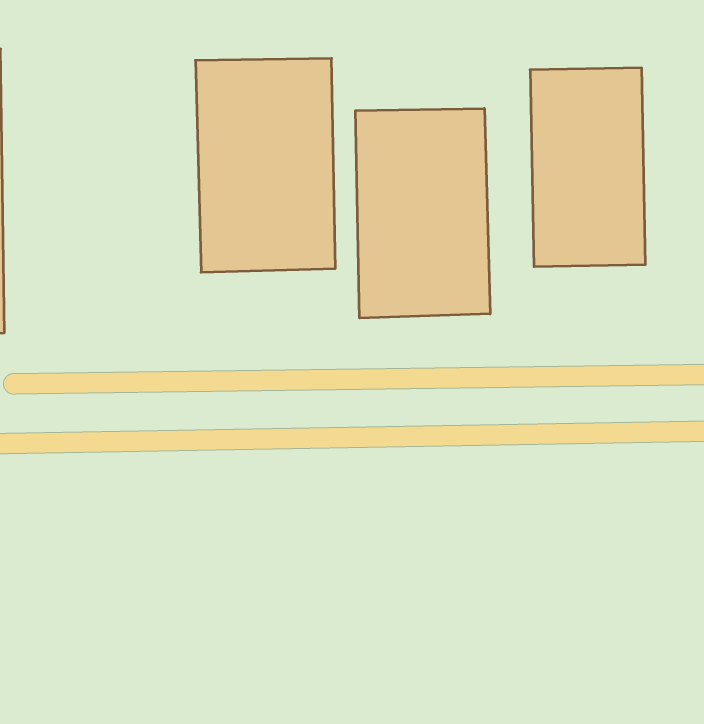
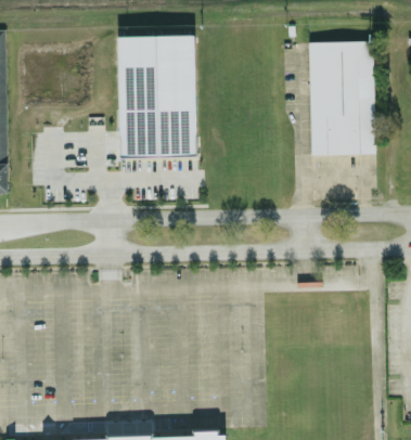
building: [356,108,490,318] -> none

